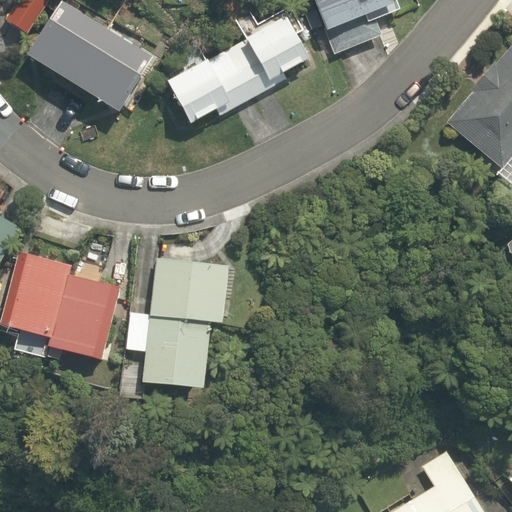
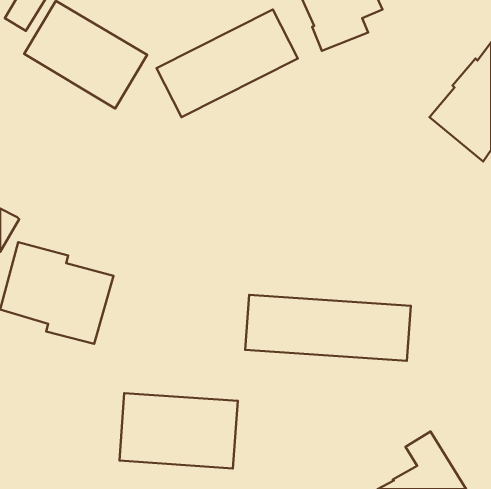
building: [126,260,227,388] -> none
building: none -> [245,295,411,361]
building: none -> [119,393,238,468]

